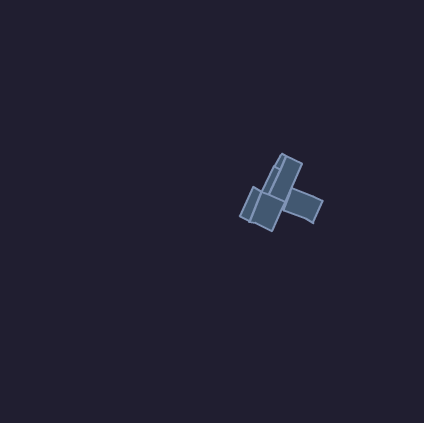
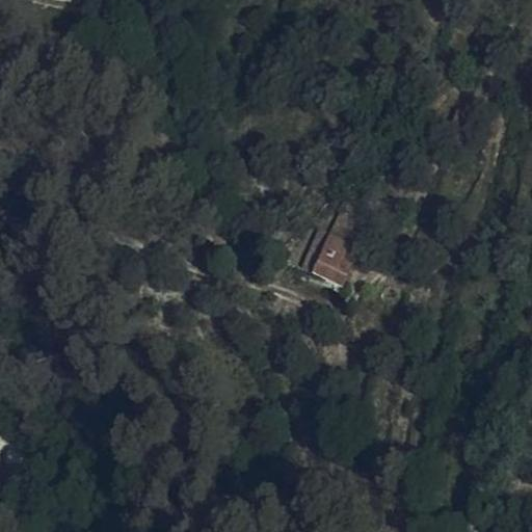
building: [284,188,323,223] -> none

